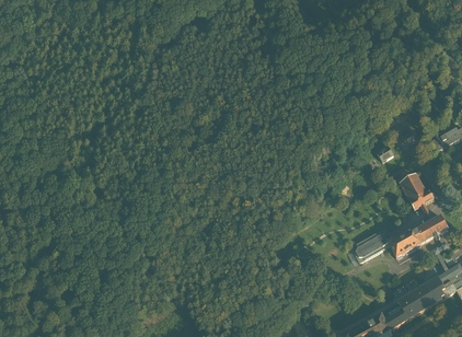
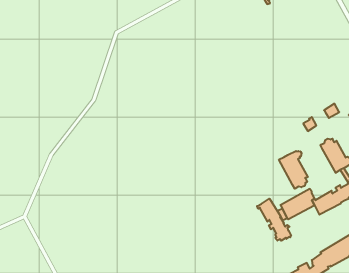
building: none -> [279,151,308,189]
building: none -> [257,199,291,241]

